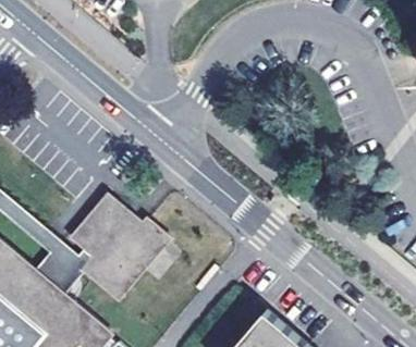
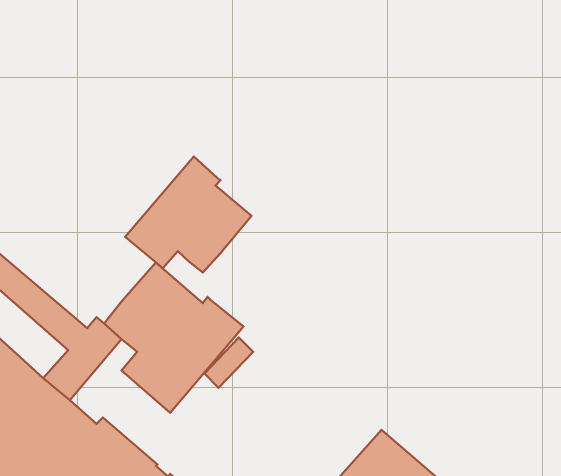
building: none -> [125,157,252,272]

